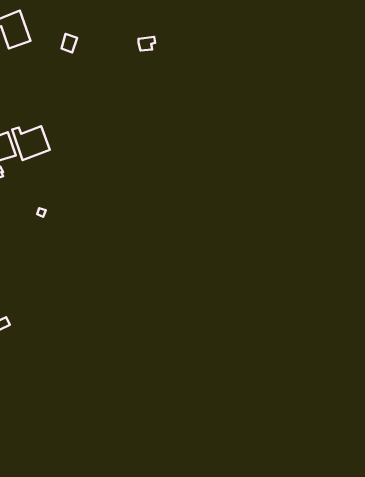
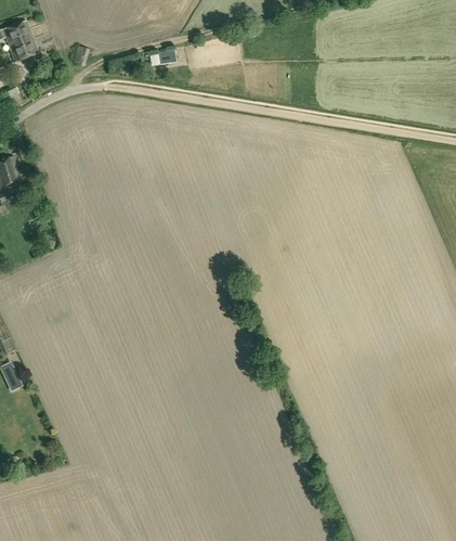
building: [12,126,50,160] -> none

